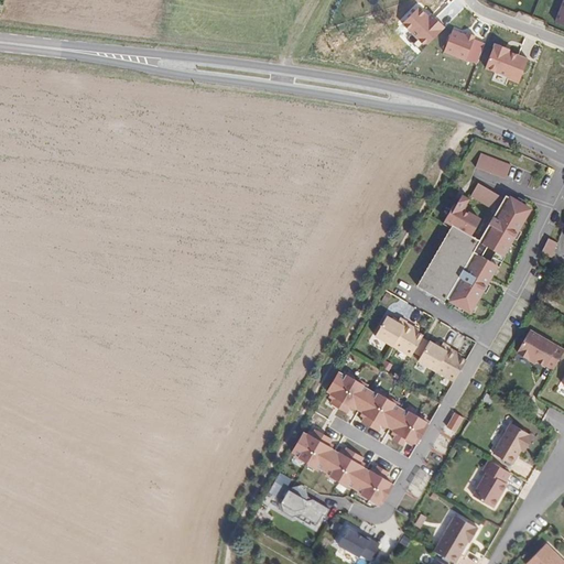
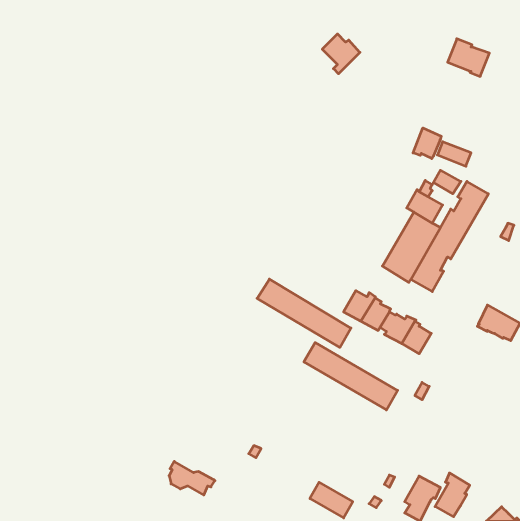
building: [403,6,444,48] -> [322,34,360,74]
building: [444,29,475,59] -> none
building: none -> [413,128,441,159]
building: [491,422,532,463] -> none
building: [293,431,394,505] -> [257,279,351,347]
building: [471,458,509,506] -> [435,473,470,517]
building: [281,488,330,524] -> [169,461,215,495]

